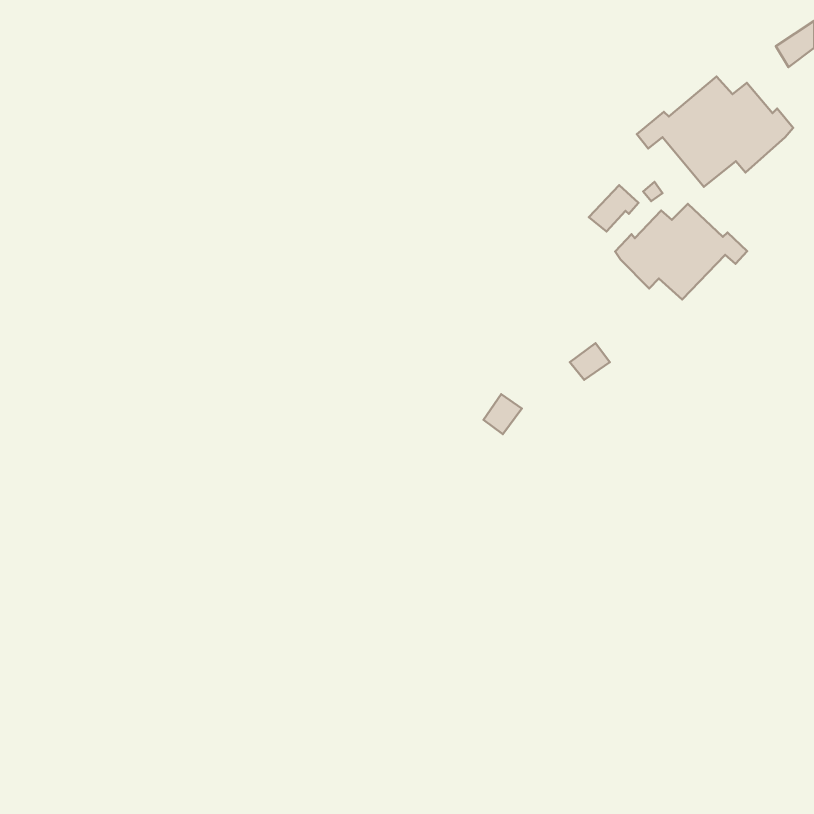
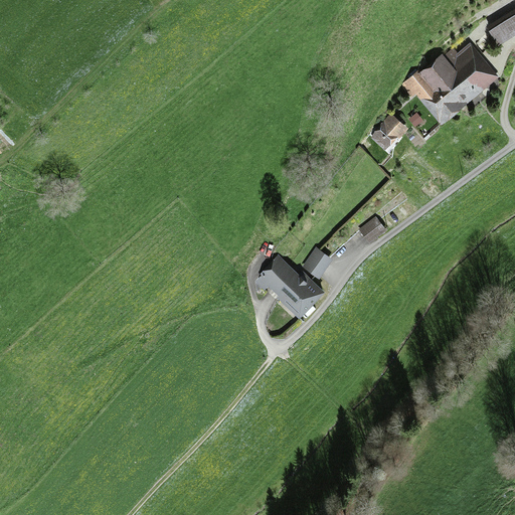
building: [615,204,747,300] -> none
building: none -> [262,258,322,312]

